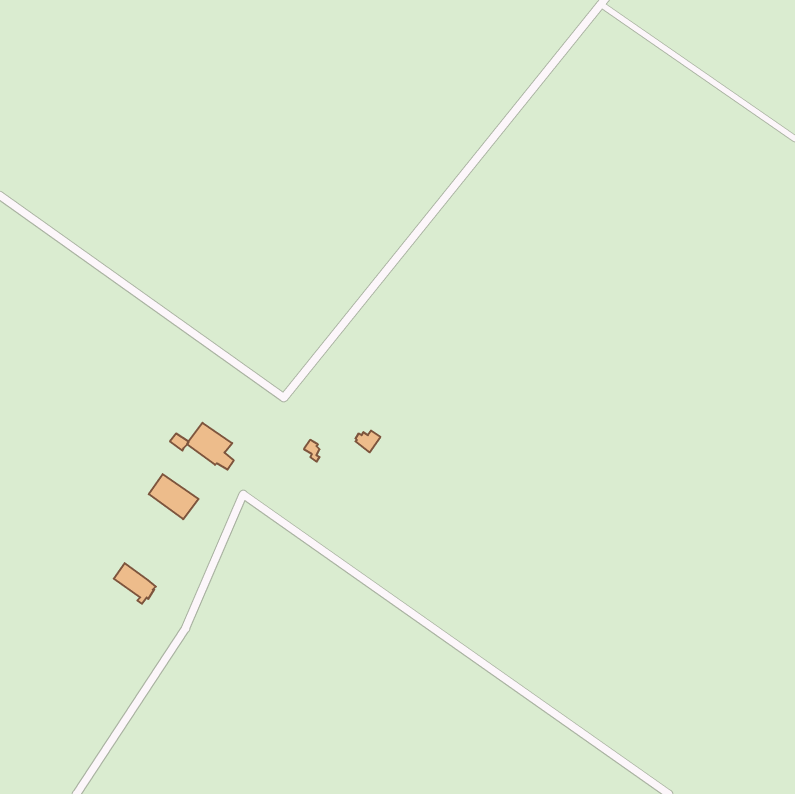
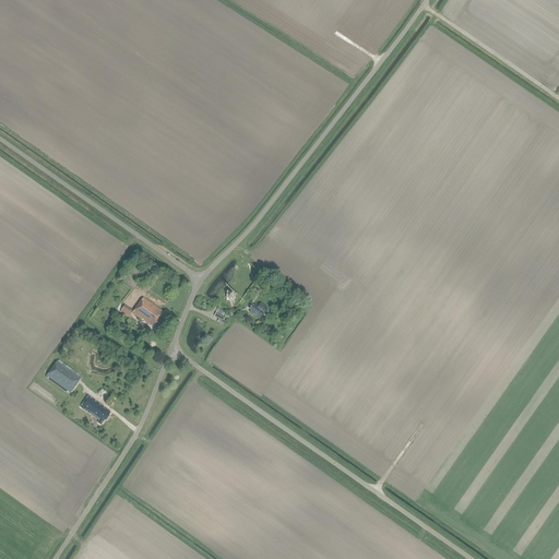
building: [149,474,199,519] -> [45,359,80,391]

